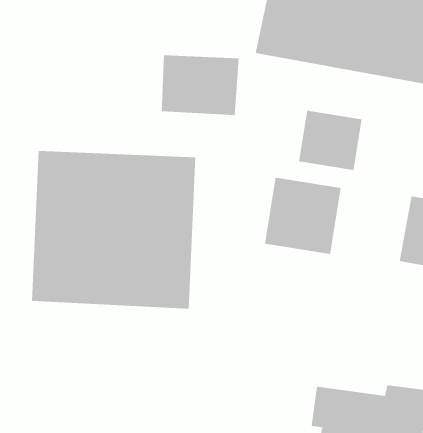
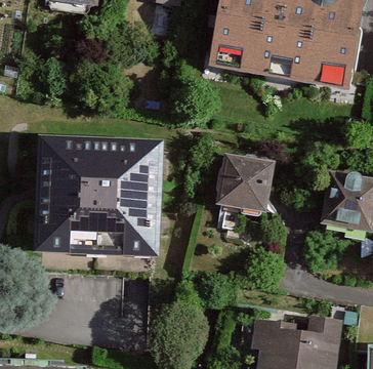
building: [161,54,239,116] -> none
building: [298,110,362,171] -> none

